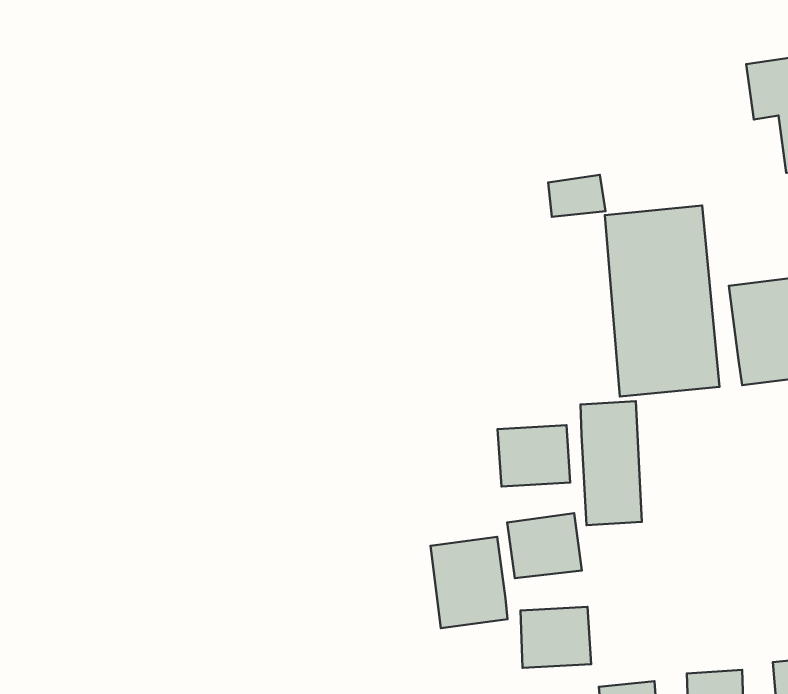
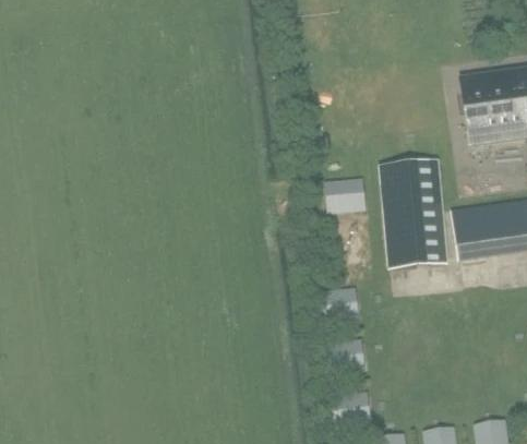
building: [548,175,605,217] -> [334,185,367,209]
building: [581,401,642,525] -> none
building: [431,537,507,628] -> none

